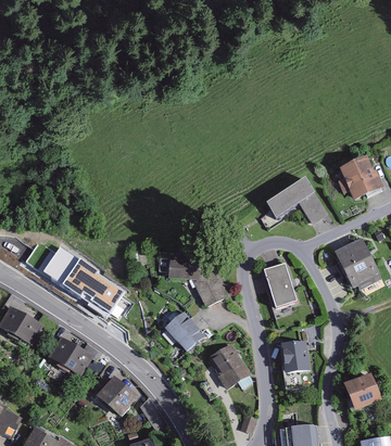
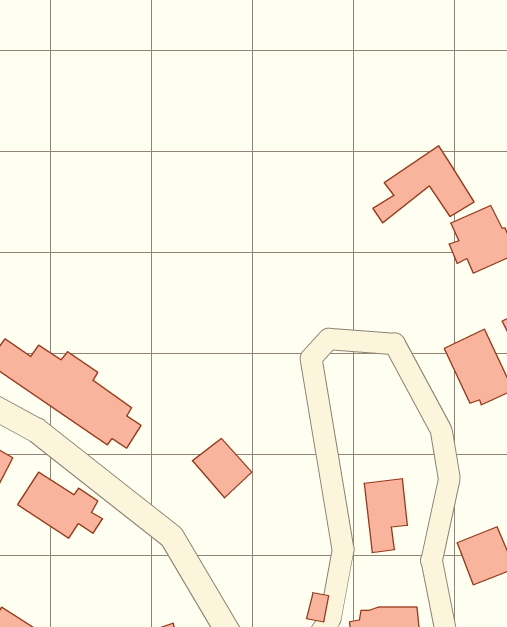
building: [260,175,328,227] -> [373,146,474,223]
building: [168,256,227,308] -> none
building: [264,262,297,306] -> none
building: [210,343,252,388] -> none
building: [96,374,138,416] -> none

